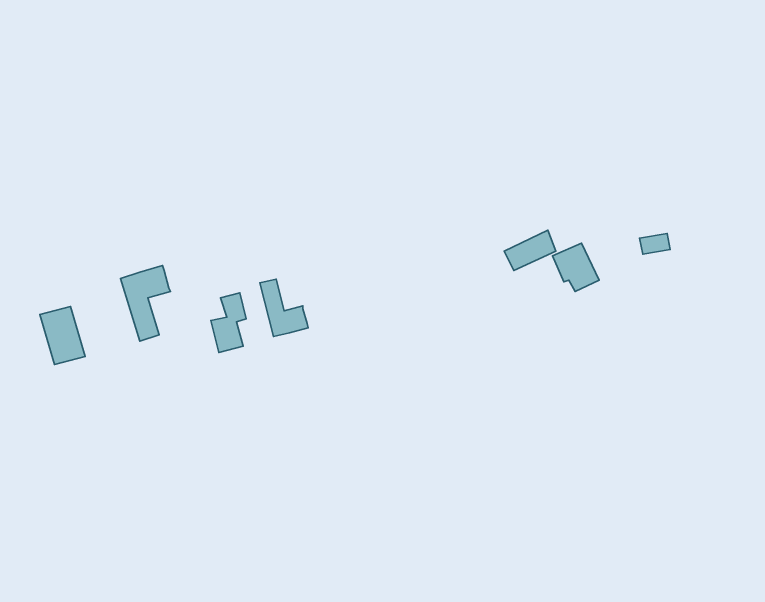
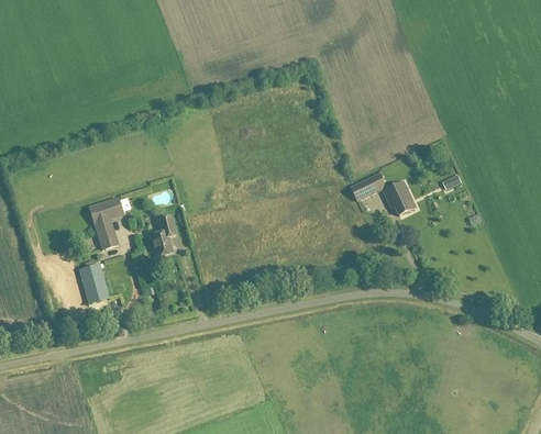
building: [260,279,308,336] -> none
building: [40,307,85,364] -> [78,263,109,302]

